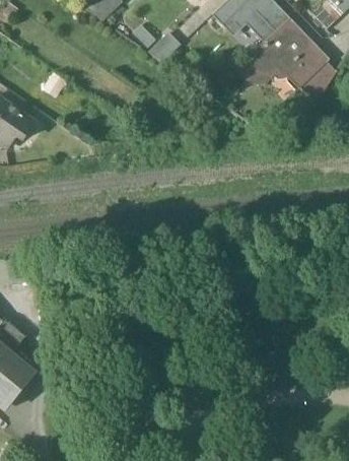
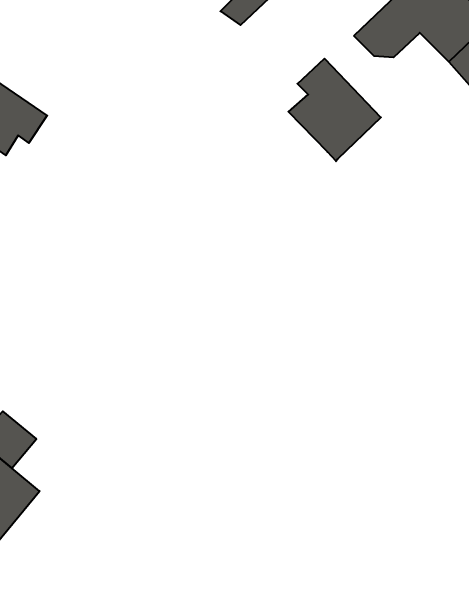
building: none -> [288,59,381,161]

